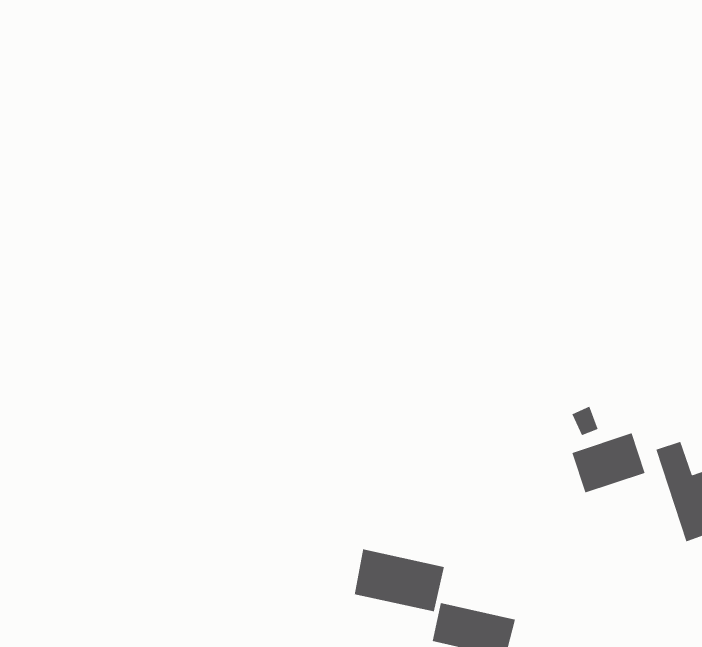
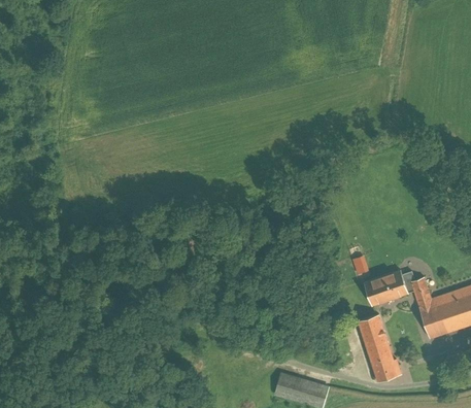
building: none -> [358,314,400,381]
building: [354,548,445,612] -> none

